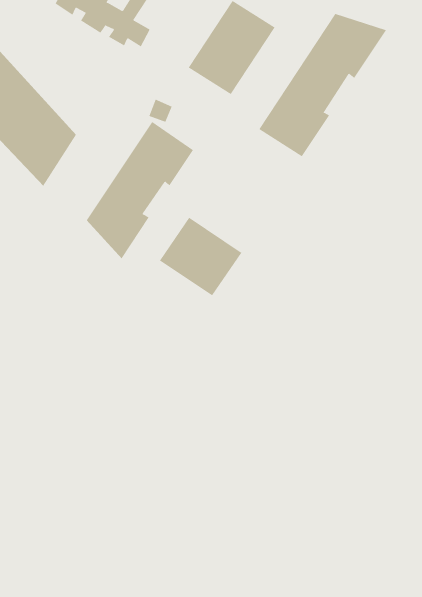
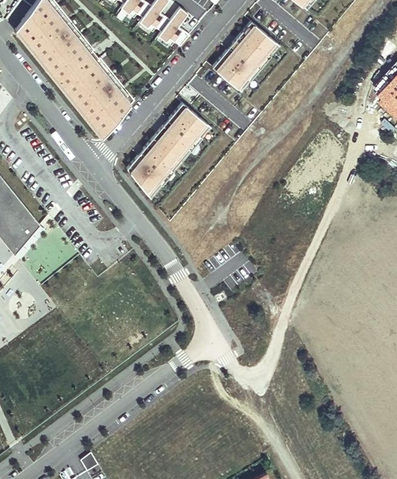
building: [258,13,387,157] -> none
building: [159,217,242,296] -> none

